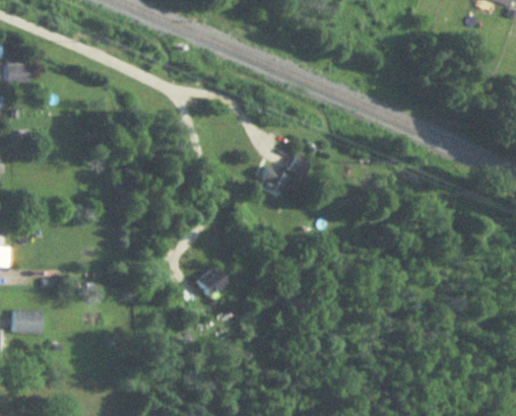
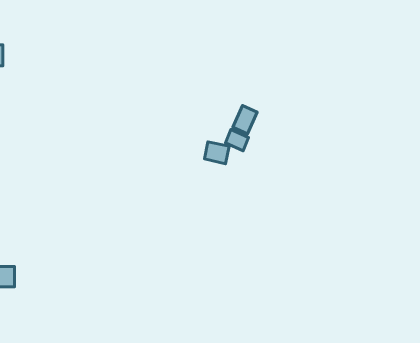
building: none -> [233,106,257,134]
building: [195,264,232,299] -> none

